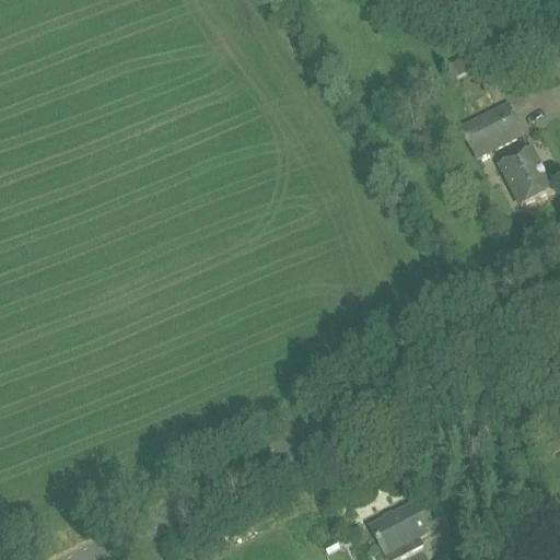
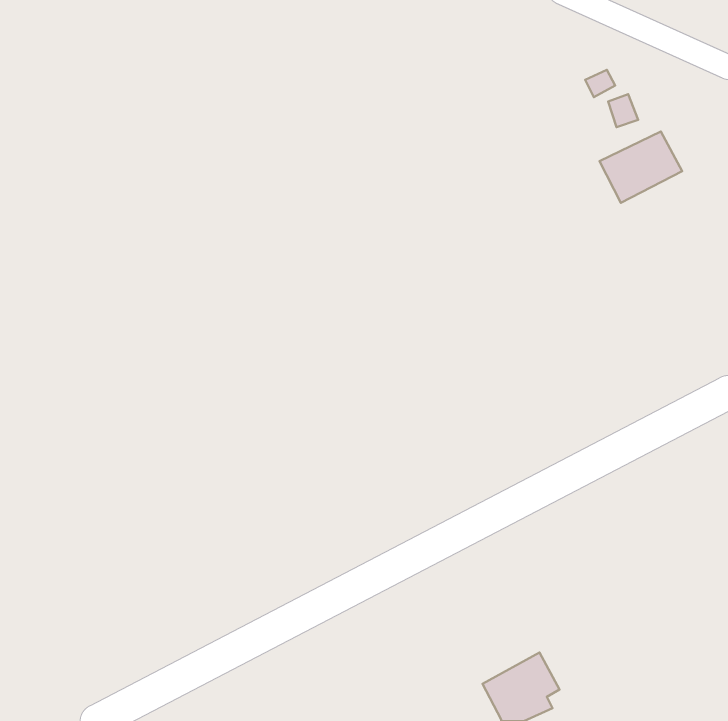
building: [499,147,551,202] -> none

